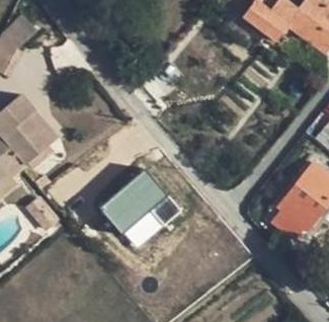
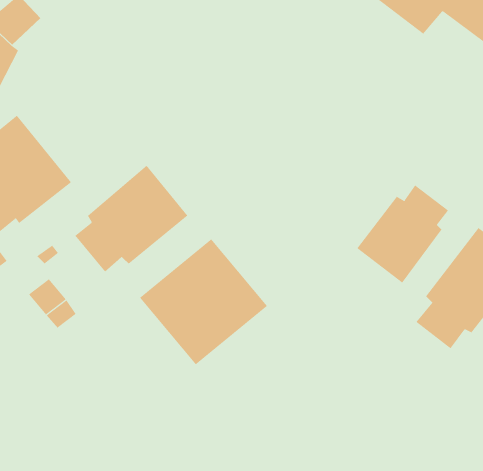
building: none -> [75,165,188,273]
building: none -> [357,185,449,284]

